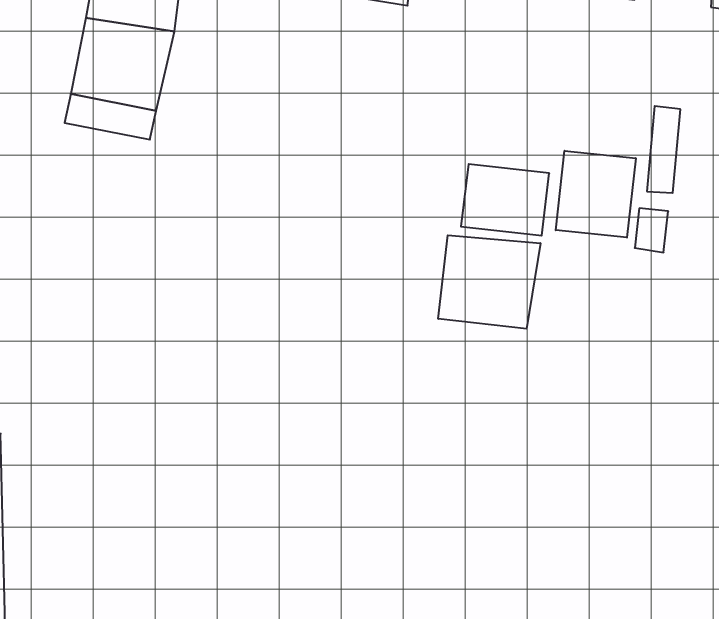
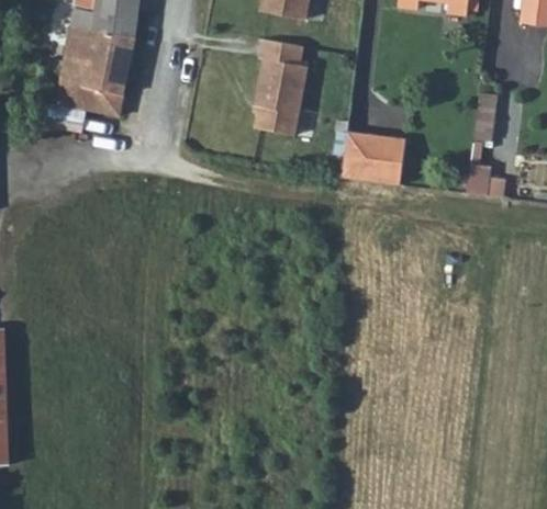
building: none -> [255,38,308,133]
building: [556,151,636,238] -> none
building: [438,235,540,329] -> none

